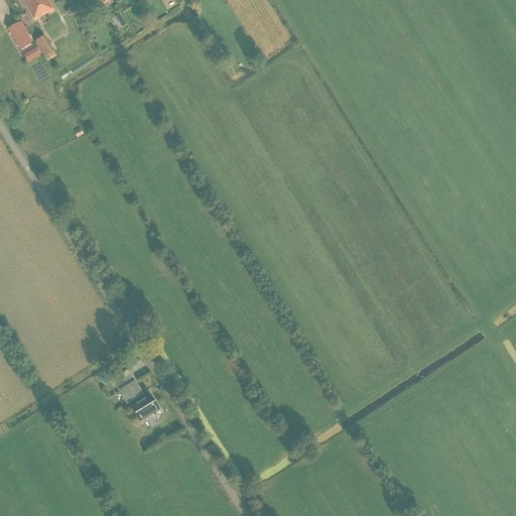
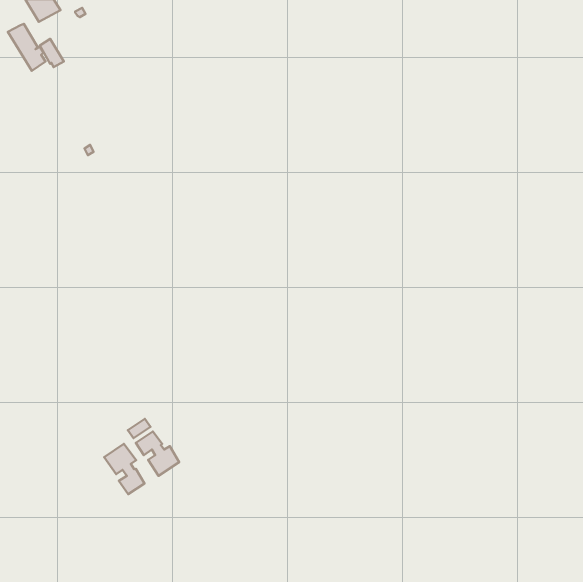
building: none -> [104,444,145,494]

